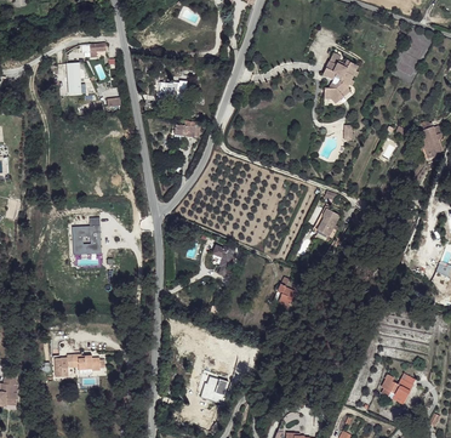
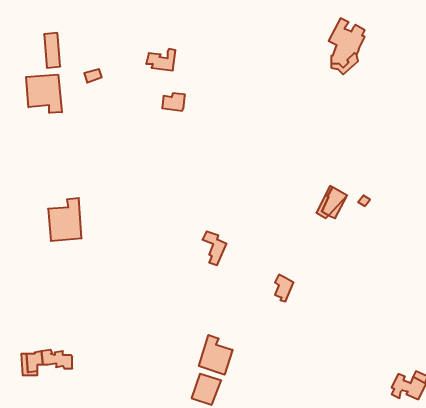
building: none -> [26,75,62,113]
building: none -> [199,335,233,375]

